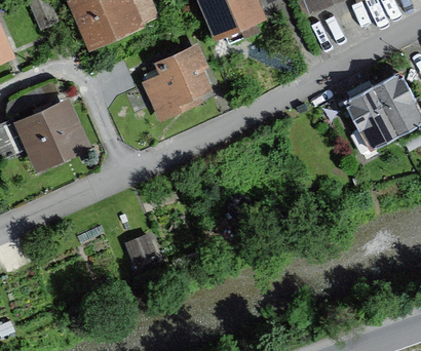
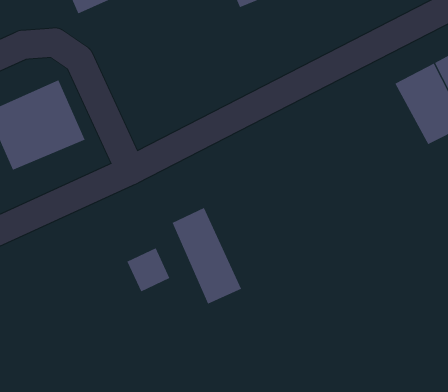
building: [142,43,214,122] -> none
building: none -> [172,207,242,305]

